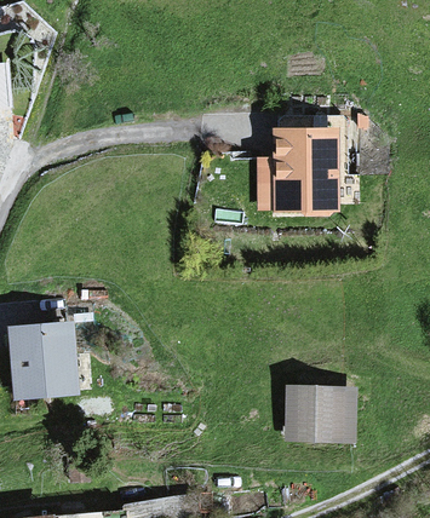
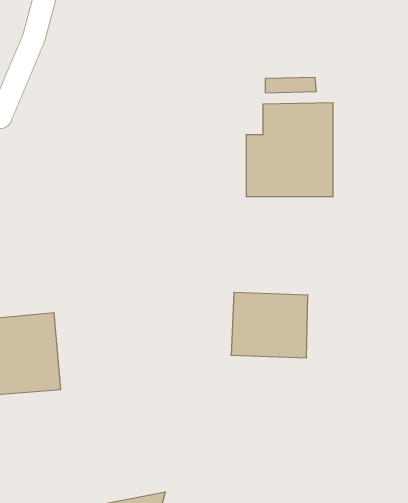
building: [280,380,352,442] -> [231,292,308,358]

